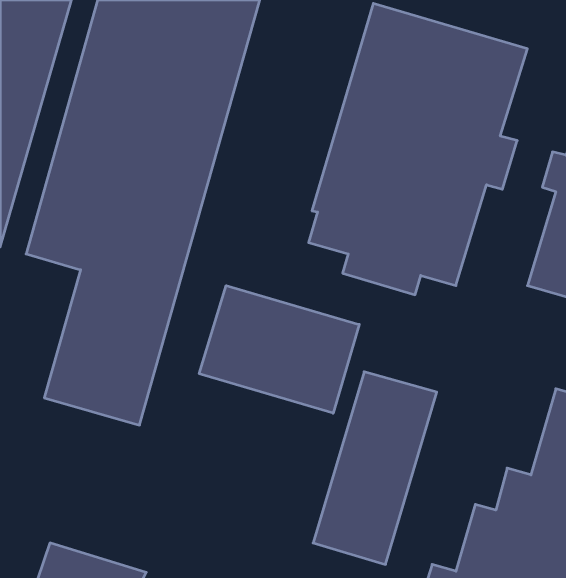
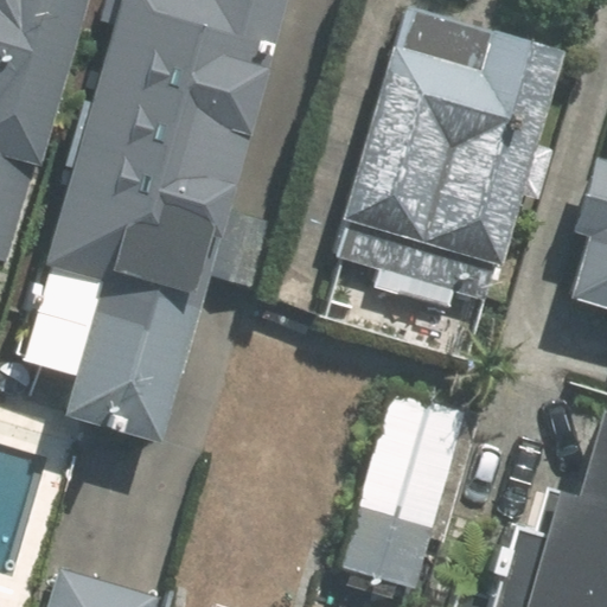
building: [199,286,359,413] -> none

